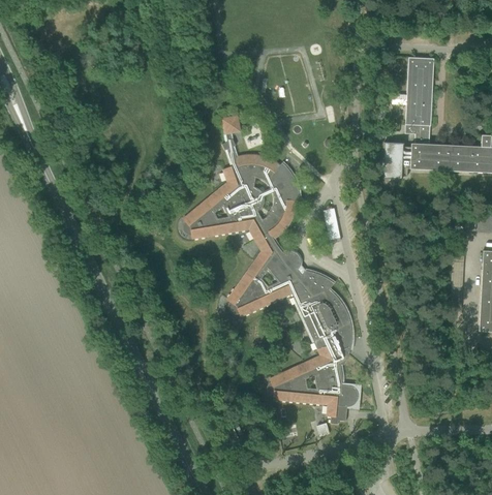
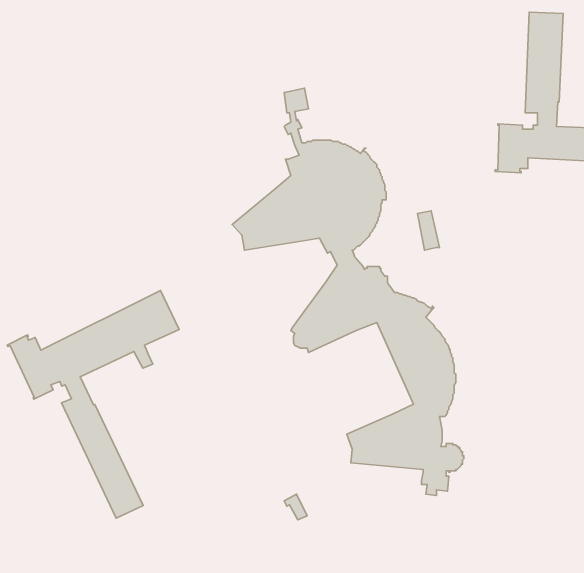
building: none -> [7,290,179,518]

